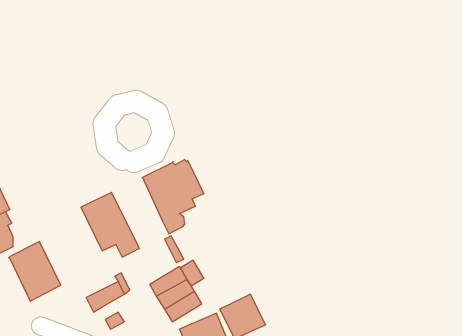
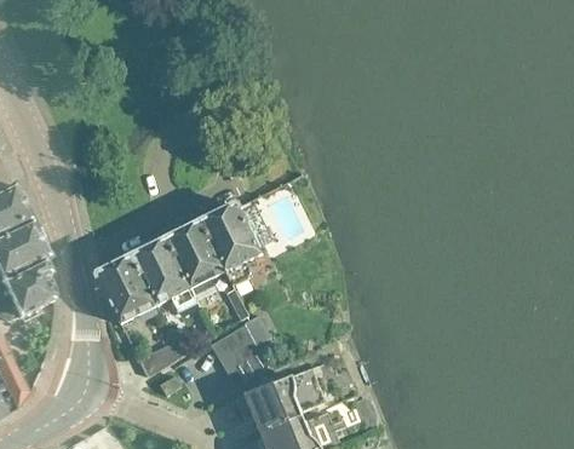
building: none -> [163,221,222,299]
building: [9,242,61,301] -> [93,255,153,323]

